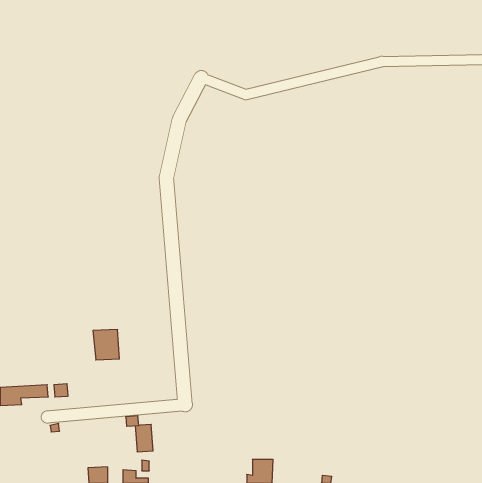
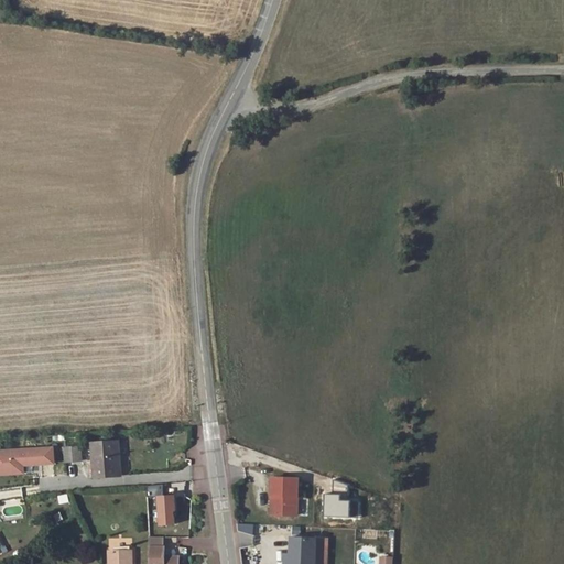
building: [93,330,119,360] -> [89,442,120,477]
building: none -> [267,473,295,511]

